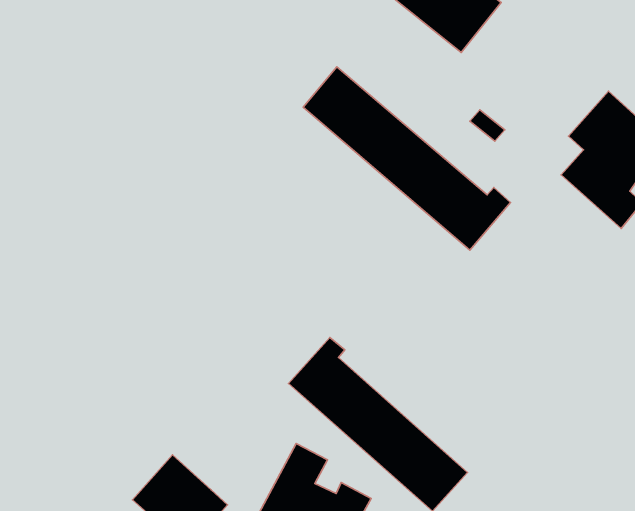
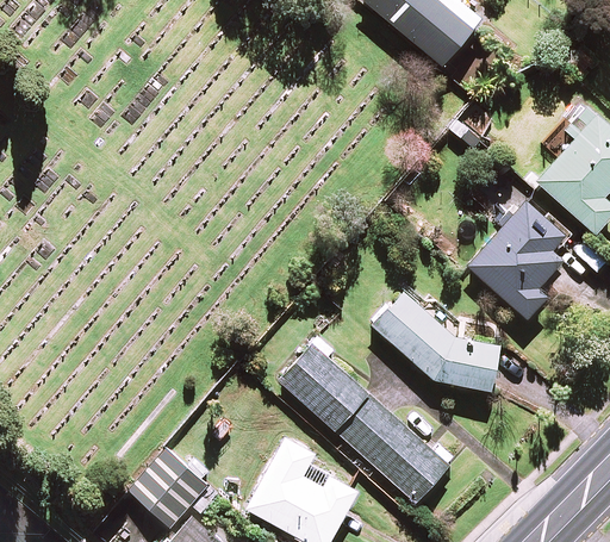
building: [303,67,510,250] -> none
building: none -> [468,201,564,318]
building: none -> [373,292,497,388]

